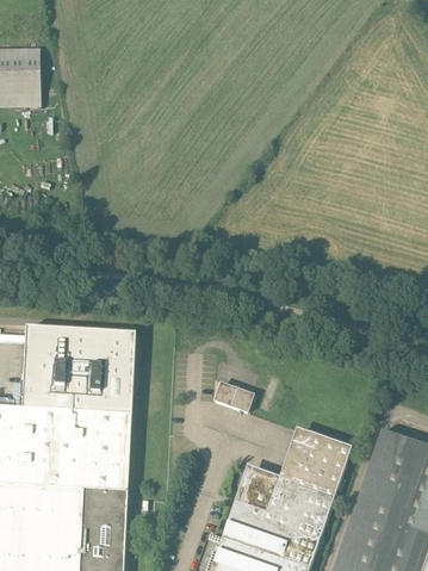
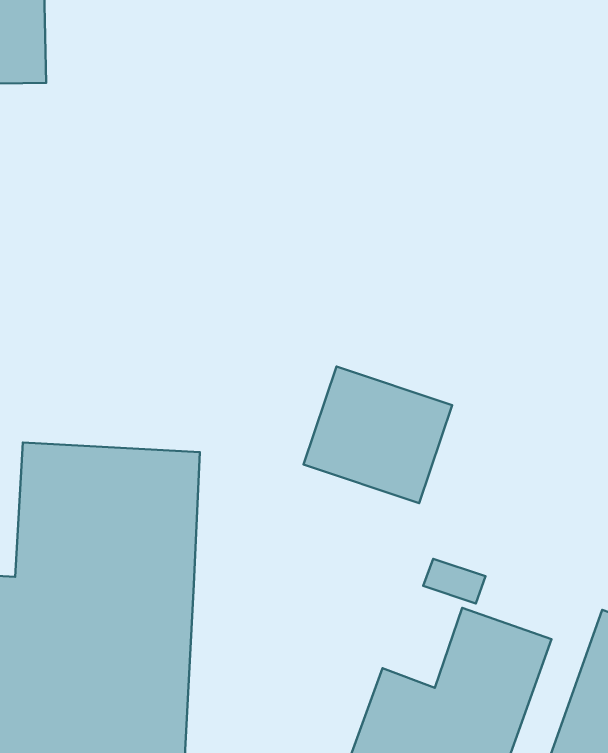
building: none -> [304,366,452,503]
building: [215,383,253,410] -> [423,559,486,603]

